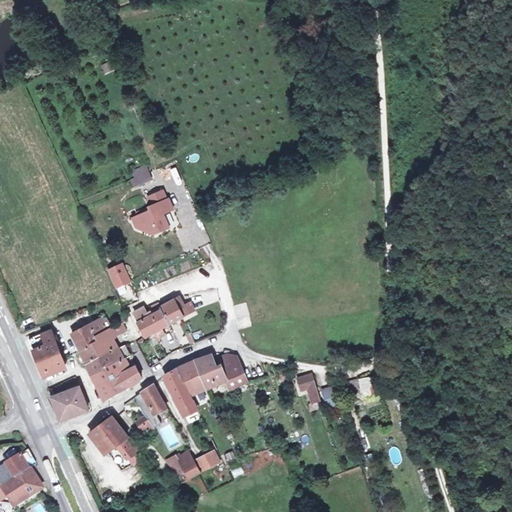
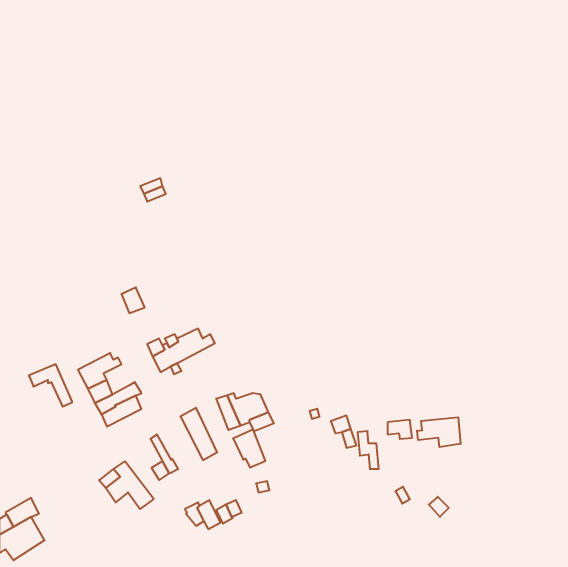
building: [137,189,171,231] -> none
building: [93,322,124,356] -> none
building: [30,343,56,374] -> none
building: [176,360,205,394] -> [233,430,265,467]
building: [96,366,140,400] -> none
building: none -> [417,417,461,447]
building: [141,383,166,415] -> none
building: [49,386,87,420] -> none

